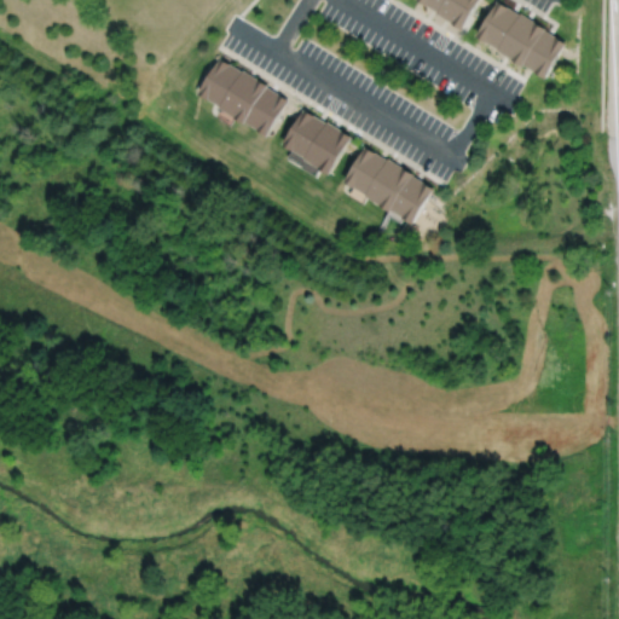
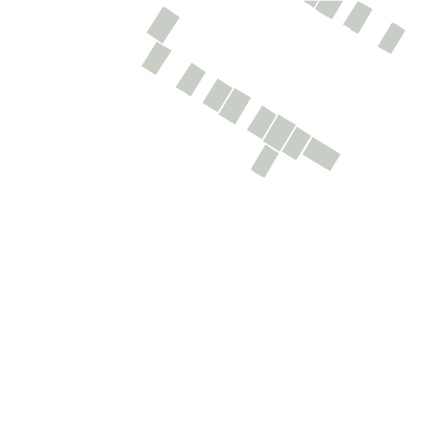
building: [497,12,543,65] -> none
building: [216,69,265,123] -> [146,6,181,45]
building: none -> [302,136,341,172]
building: none -> [250,144,280,179]

